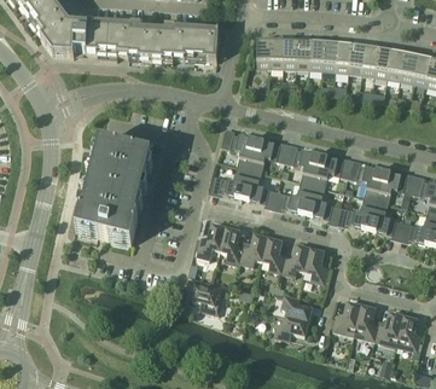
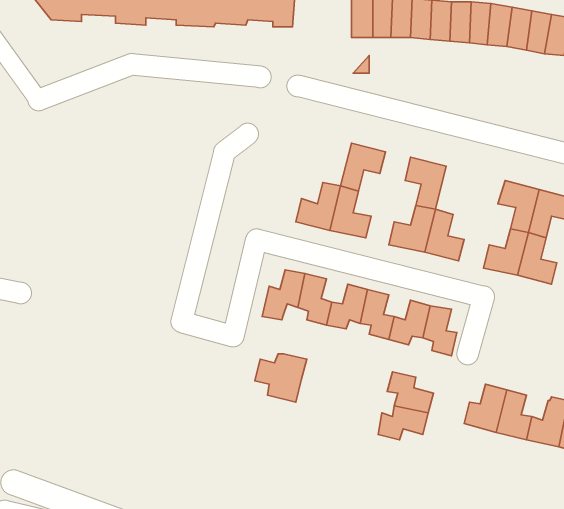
building: [229,130,256,166] -> none
building: [75,139,151,242] -> none
building: [313,152,343,185] -> none

